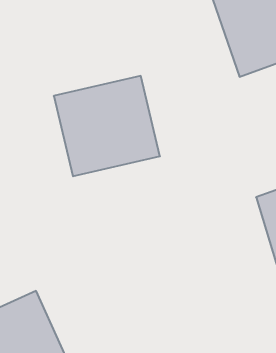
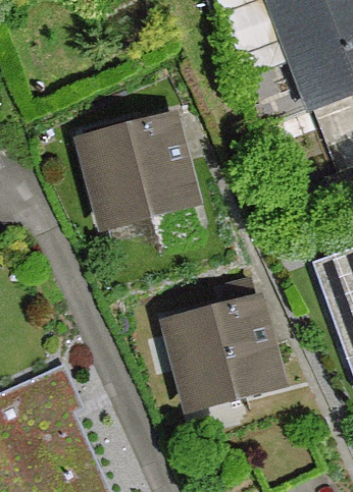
building: none -> [163,294,285,412]

